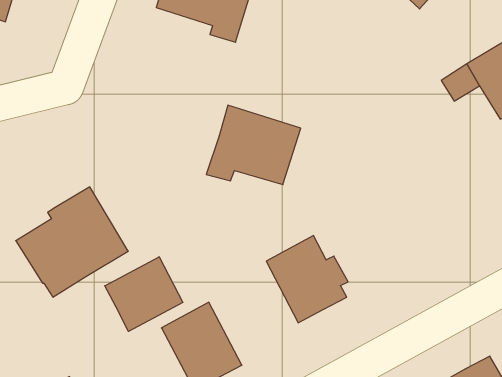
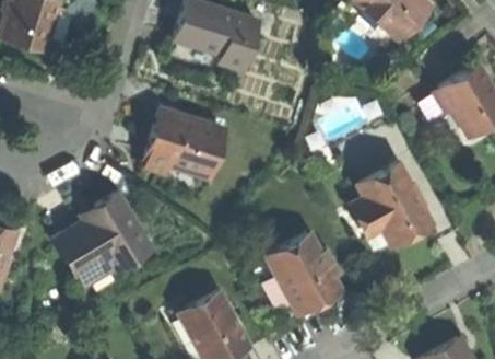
building: [206,105,301,185] -> [143,109,224,177]
building: none -> [351,164,432,246]
building: [105,257,183,331] -> none

